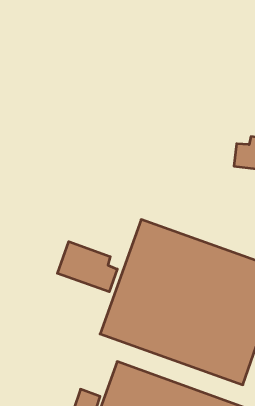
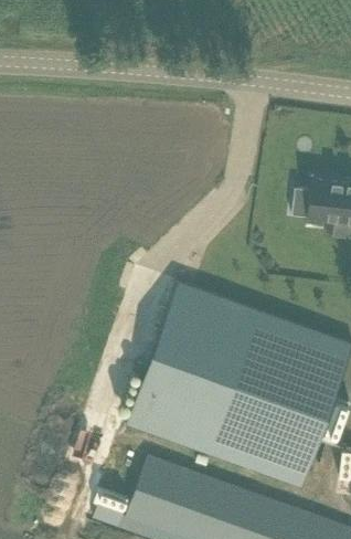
building: [57,242,117,292] -> none

